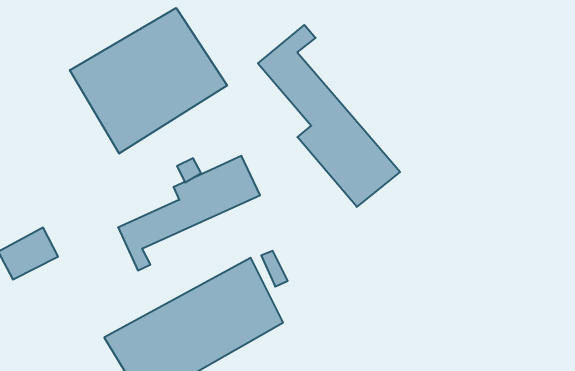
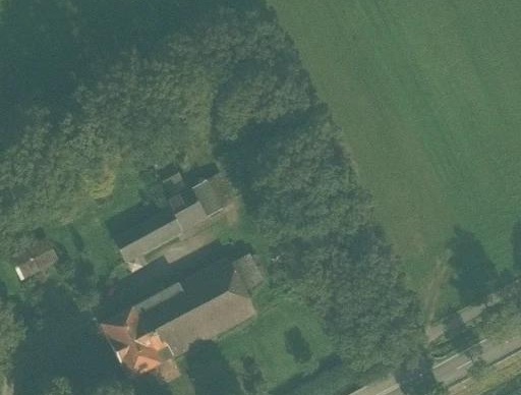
building: [70,8,227,154] -> none
building: [258,25,400,207] -> none

